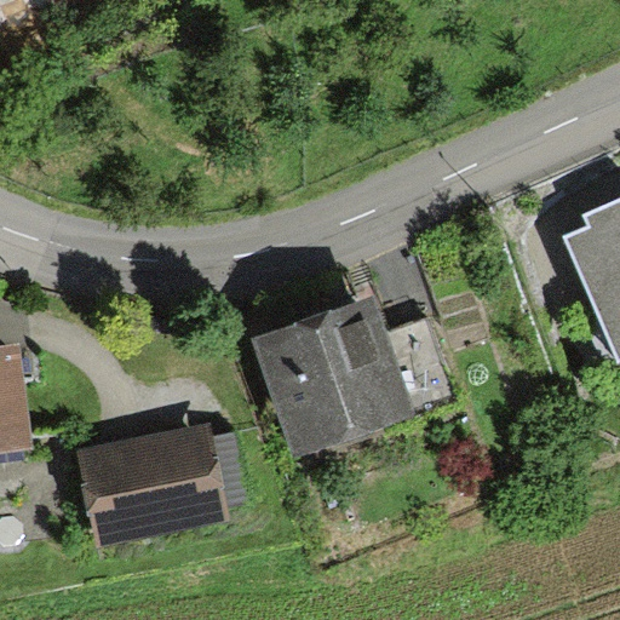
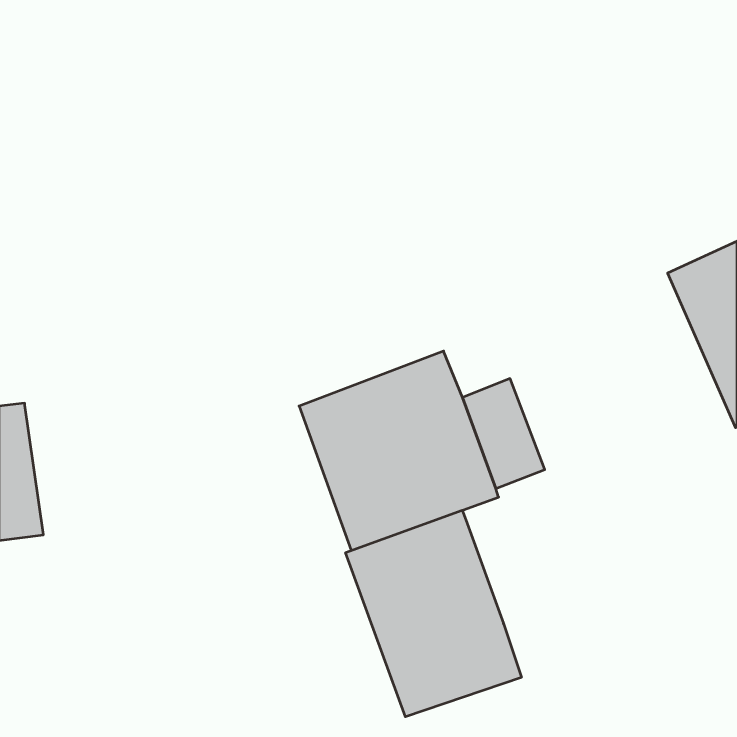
building: [76,423,228,544] -> none
building: none -> [346,510,521,717]

